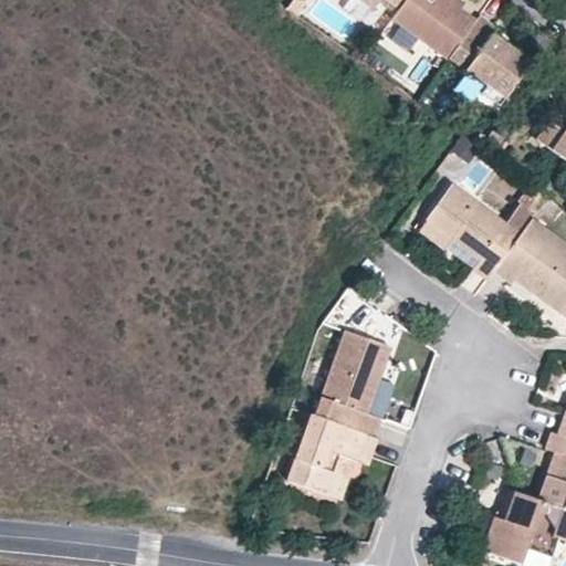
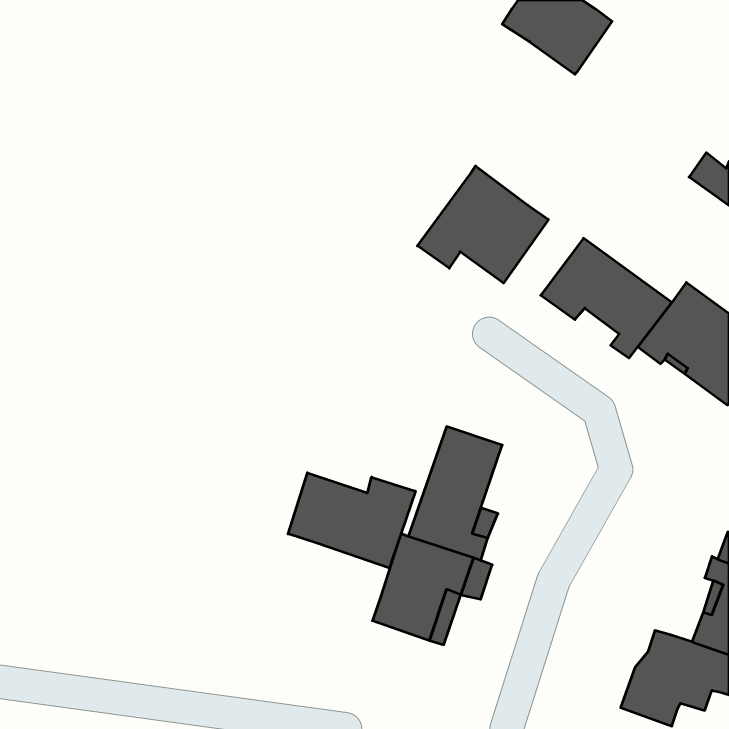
building: [448,12,530,103] -> none
building: none -> [417,166,548,283]
building: none -> [288,473,415,568]

